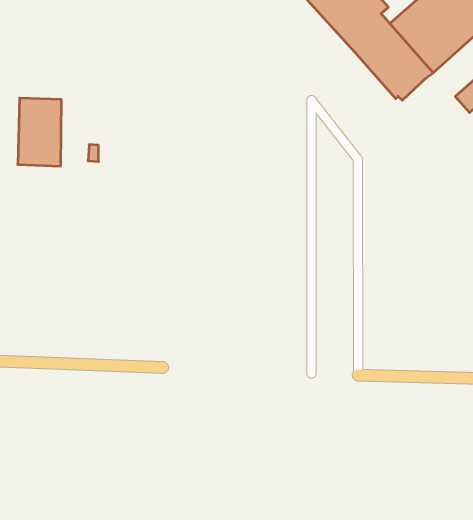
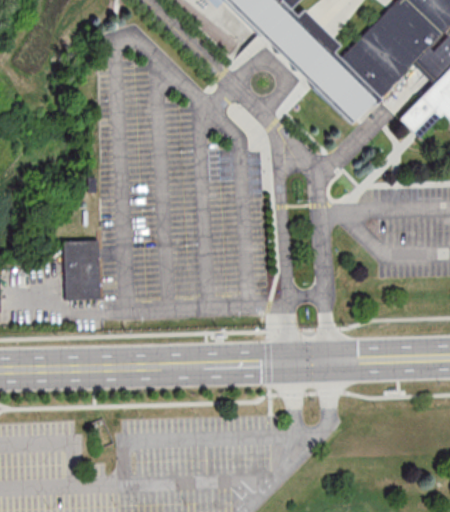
building: [18,98,61,166] -> [65,242,104,300]

